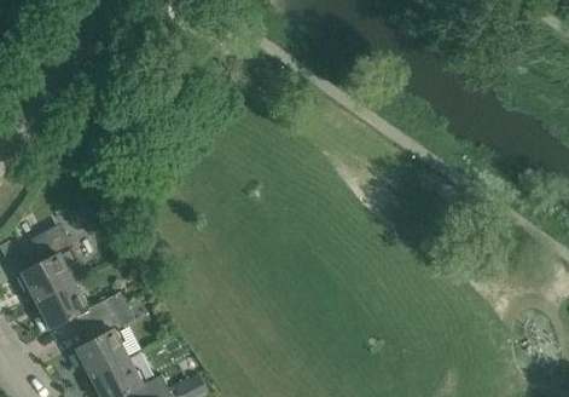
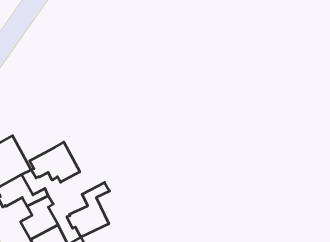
building: none -> [30,142,80,182]
building: none -> [67,182,110,237]

